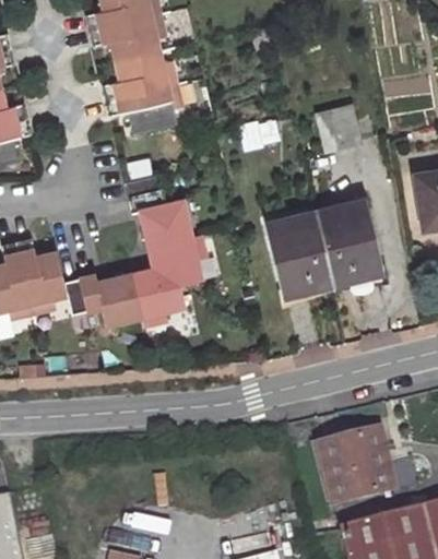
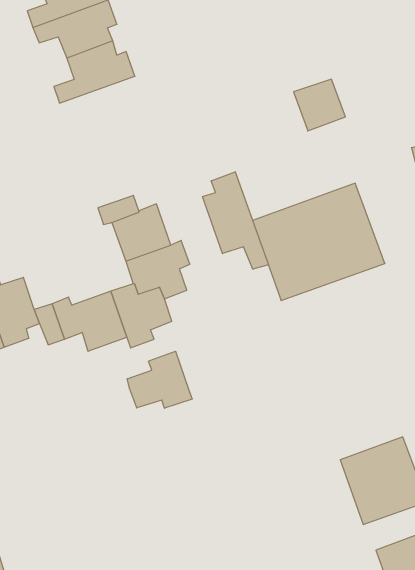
building: [106,84,181,131] -> none
building: none -> [203,172,268,269]
building: none -> [127,351,192,408]

